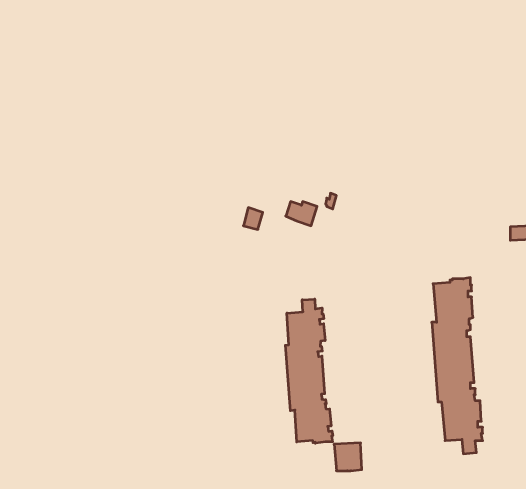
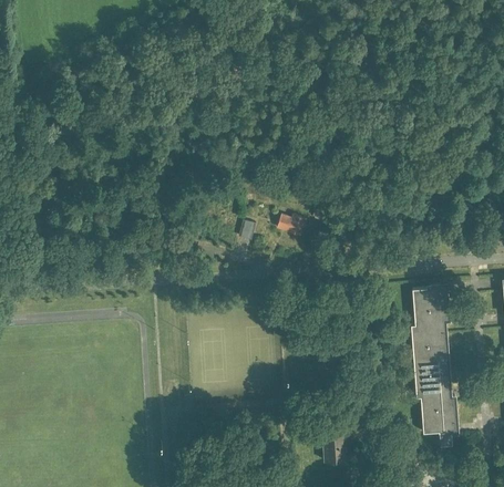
building: [285,299,333,443] -> none

